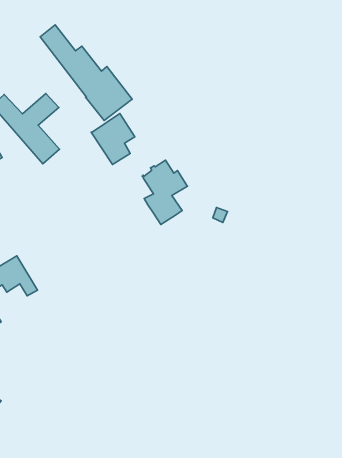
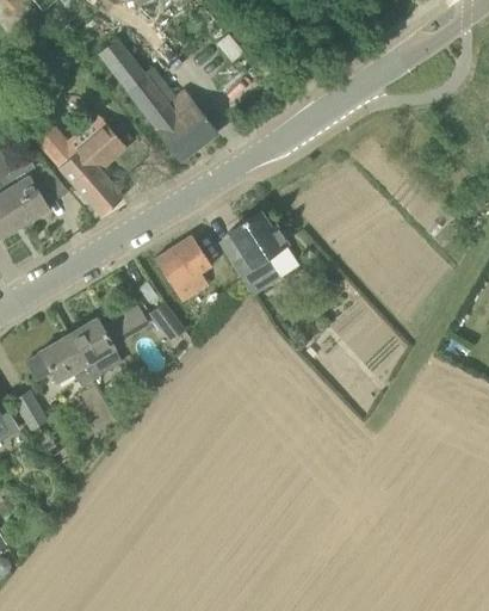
building: [91,114,135,165] -> [155,234,211,300]
building: none -> [149,301,187,341]
building: none -> [69,304,146,378]

